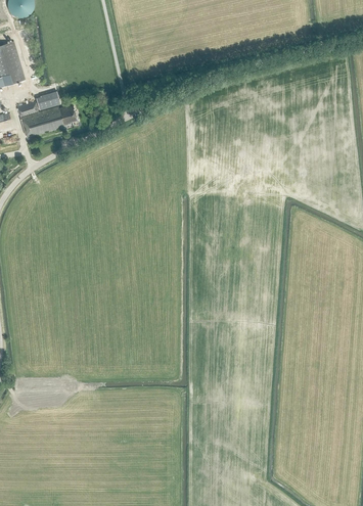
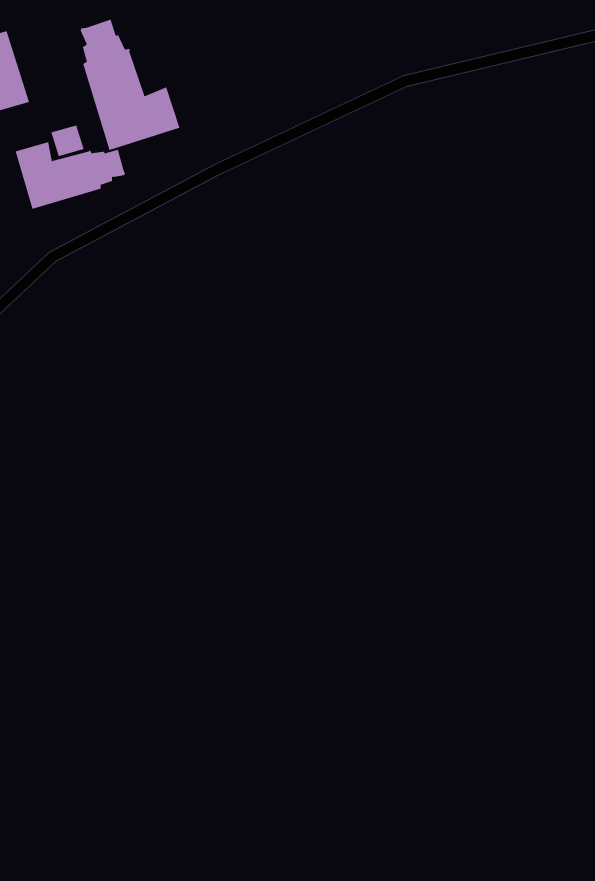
building: none -> [80,19,180,151]

